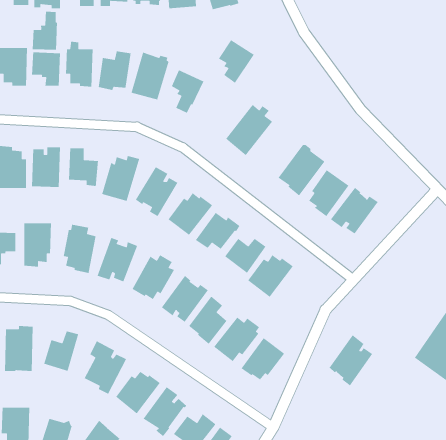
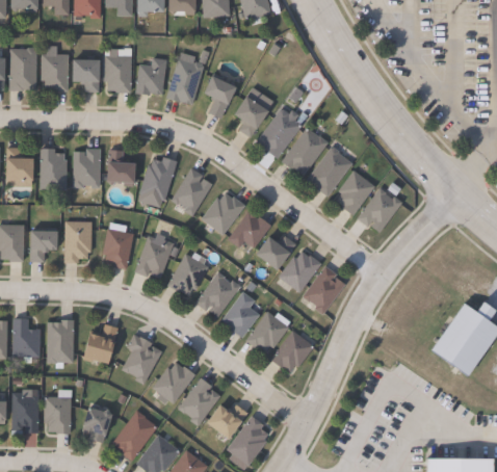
building: [32,11,58,51] -> none
building: [218,39,255,84] -> [234,96,269,138]
building: none -> [282,127,329,176]
building: [328,334,373,386] -> [303,265,345,315]

